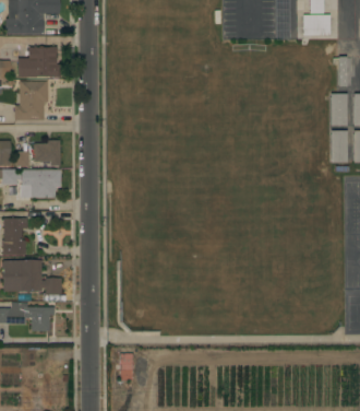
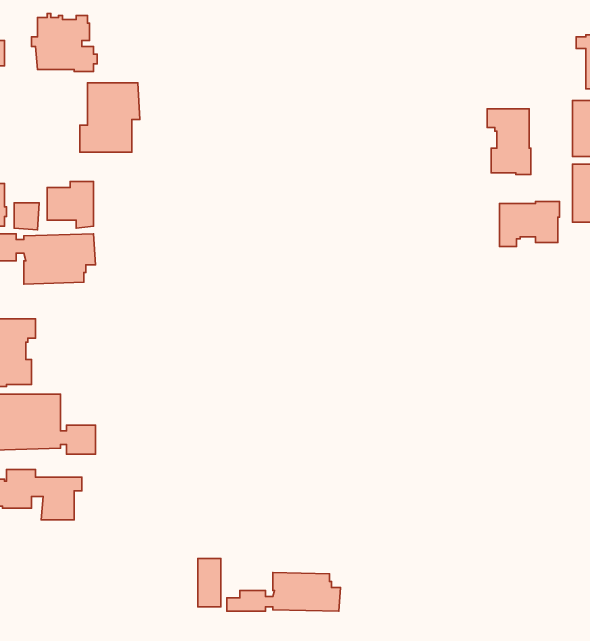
building: [15,81,49,120] -> [80,83,140,152]
building: none -> [487,109,531,175]
building: none -> [499,201,560,247]
building: none -> [227,572,341,611]

